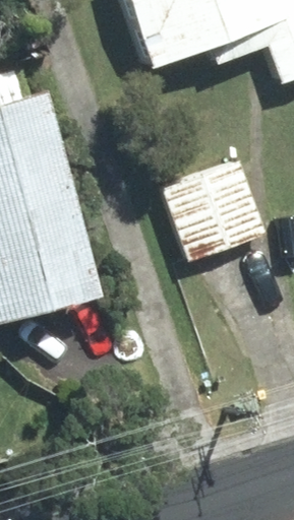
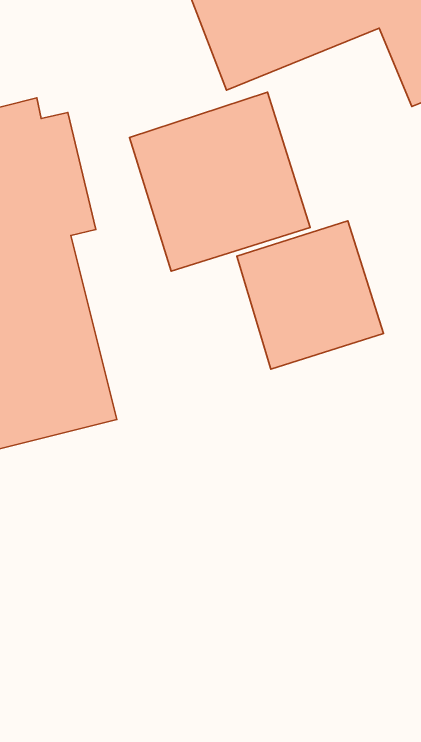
building: none -> [129,92,310,271]

